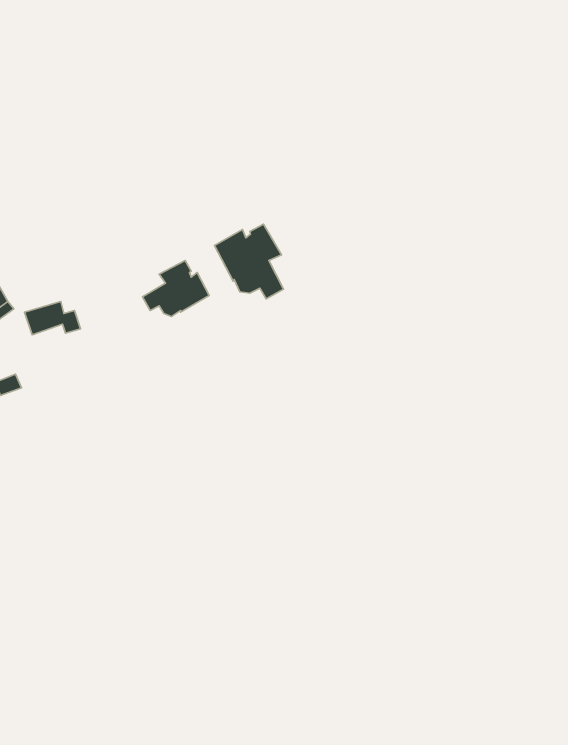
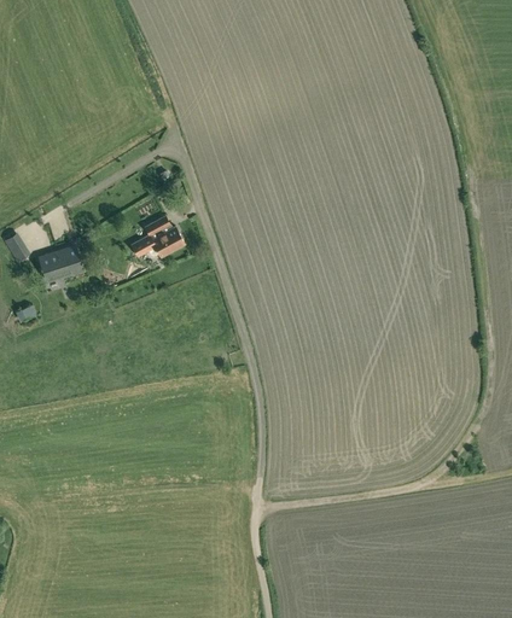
building: [214,224,283,299] -> none

